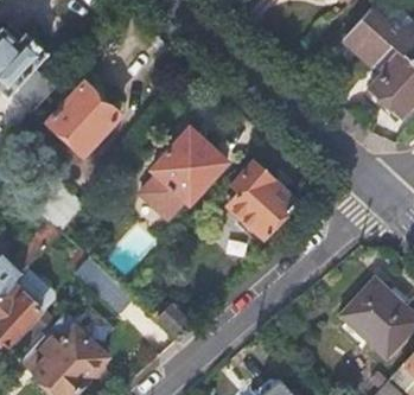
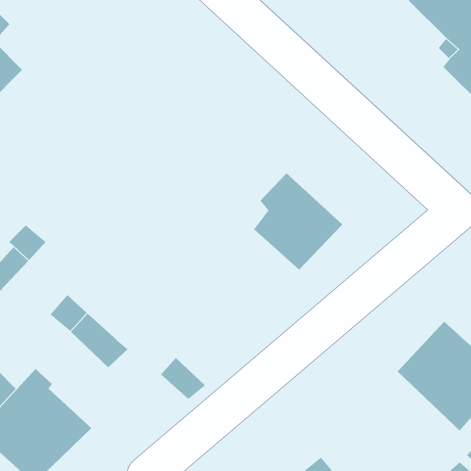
building: [49,84,119,155] -> none
building: [141,130,228,219] -> none

